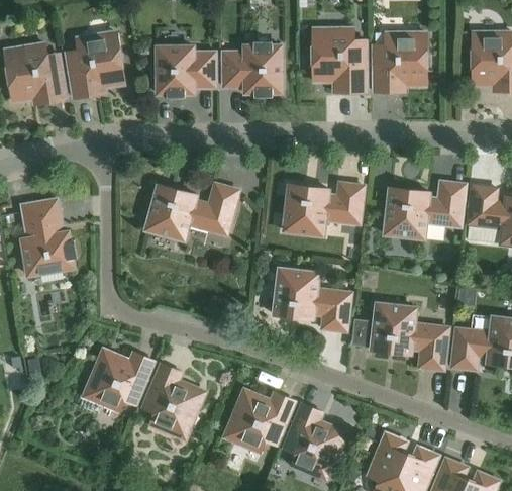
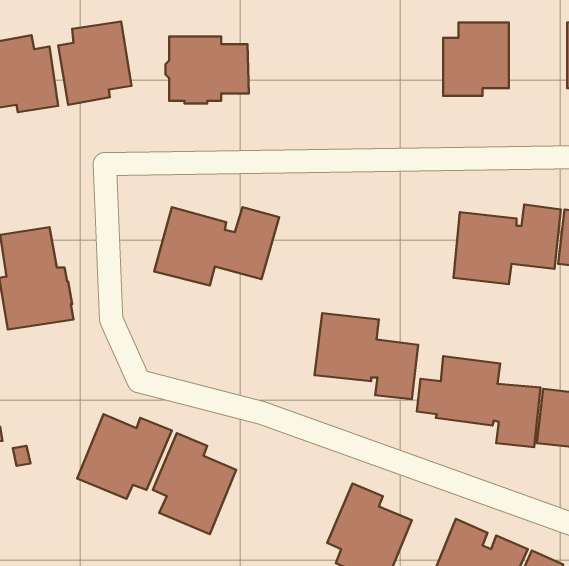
building: [313,29,366,93] -> none
building: [220,41,284,98] -> none
building: [281,180,367,239] -> none
building: [221,388,297,455] -> none

